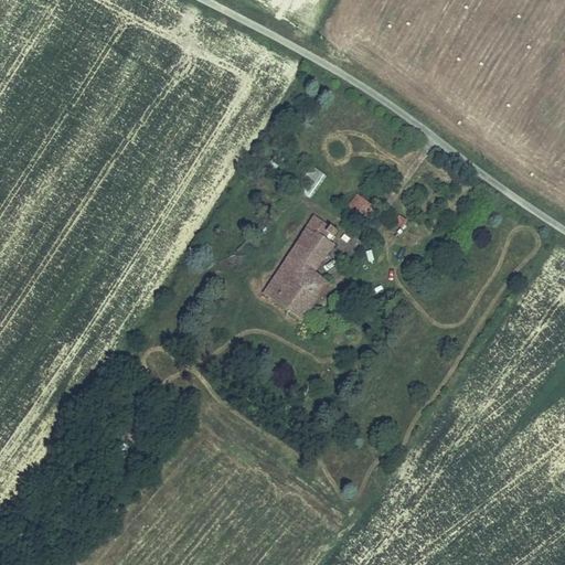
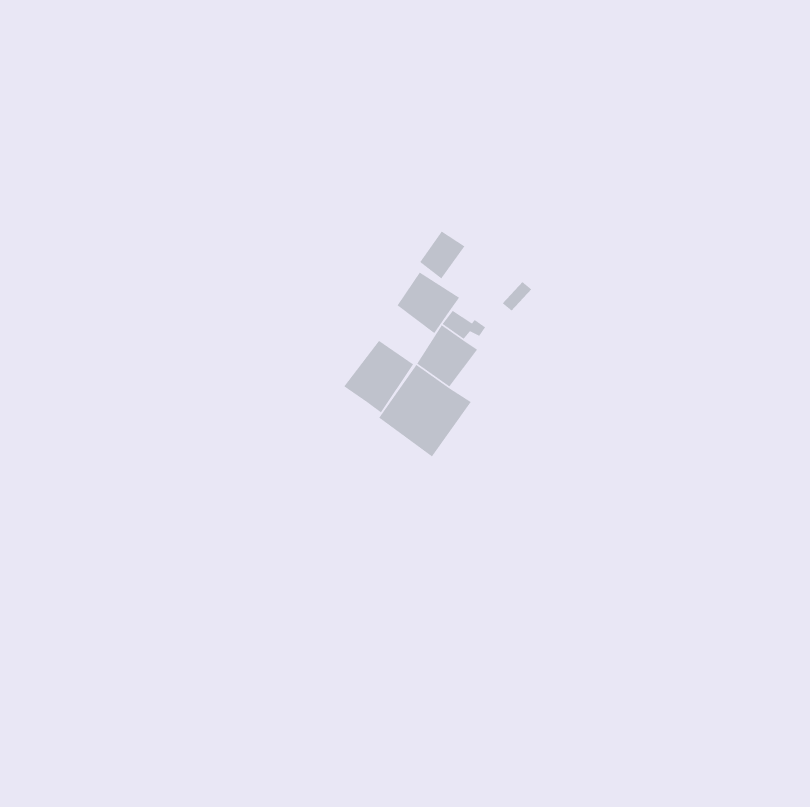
building: none -> [396,271,460,334]
building: none -> [343,340,414,413]

